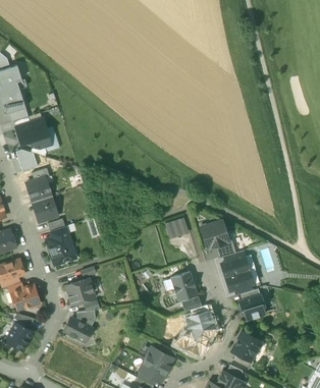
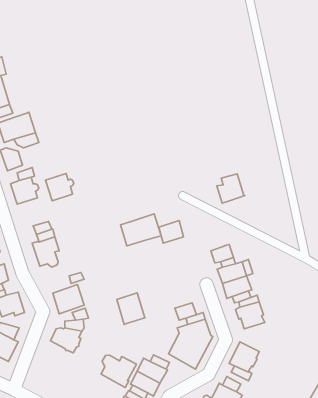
building: [32,197,58,222] -> [46,174,74,201]
building: none -> [121,214,161,246]
building: [202,221,228,248] -> [217,174,245,203]
building: [170,272,197,301] -> [117,293,145,324]
building: none -> [101,355,137,387]

